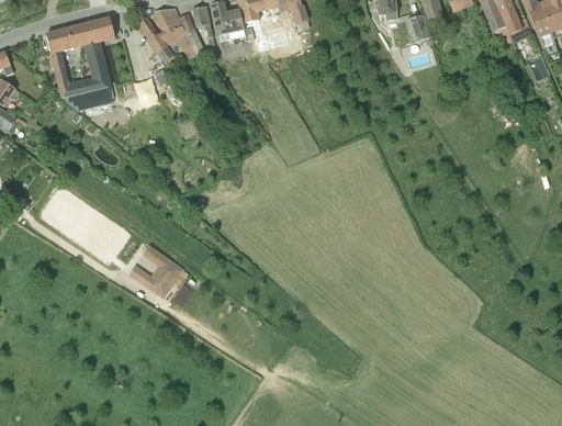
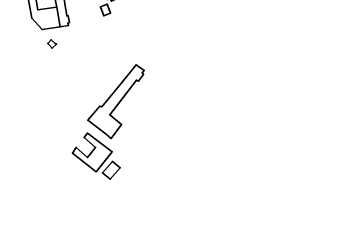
building: none -> [88,65,144,138]

